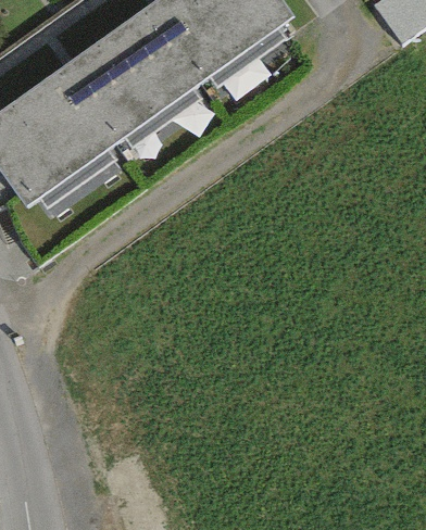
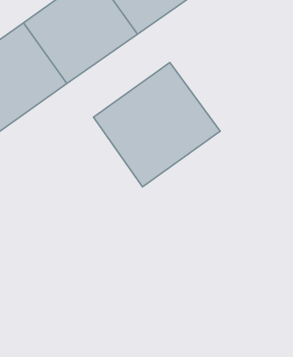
building: none -> [93,63,220,187]

